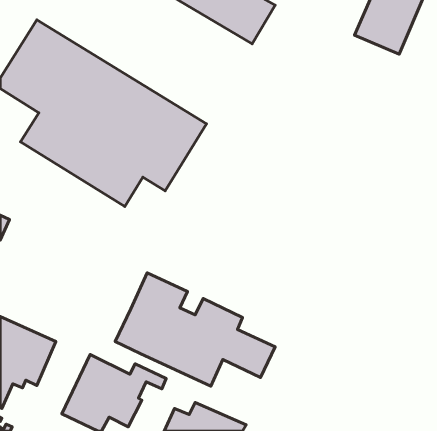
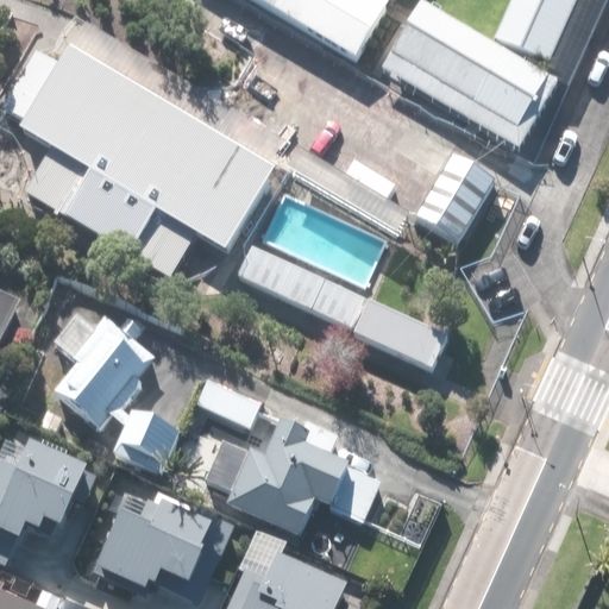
building: none -> [379,10,564,164]
building: none -> [417,152,497,237]
building: none -> [245,244,452,370]
building: none -> [52,315,180,471]

